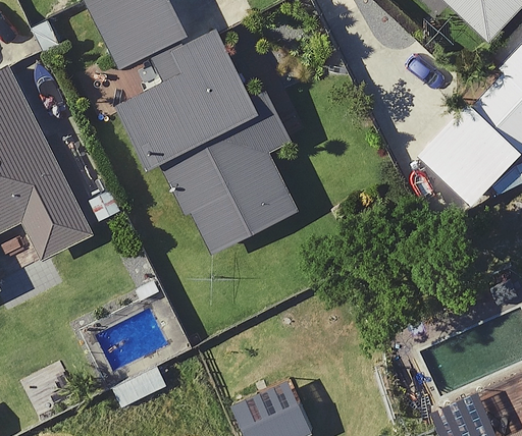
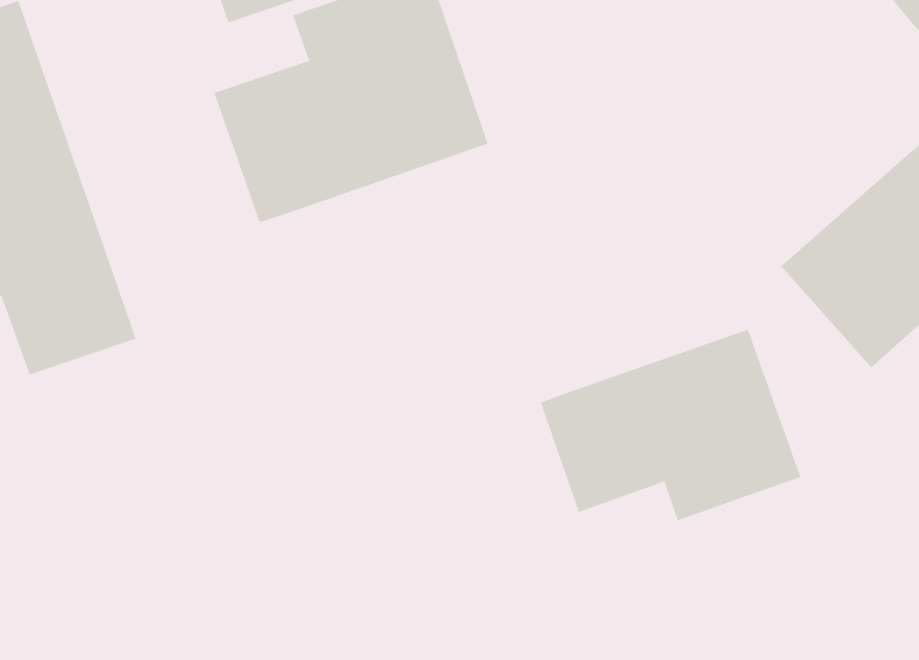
building: [161,114,298,253] -> none
building: none -> [540,329,801,521]

